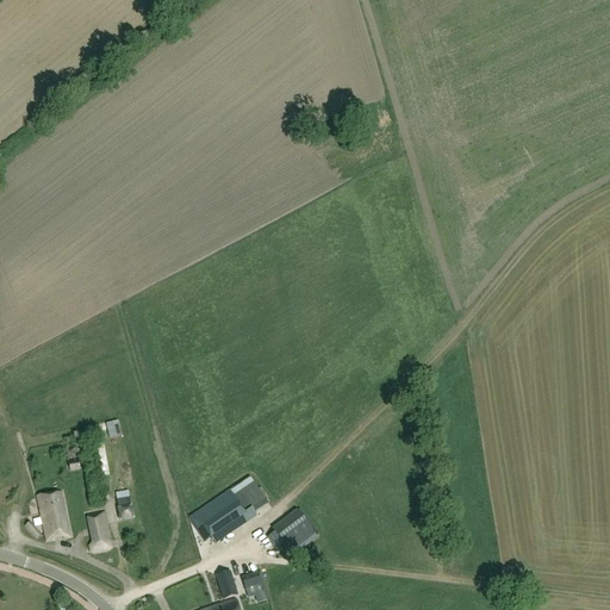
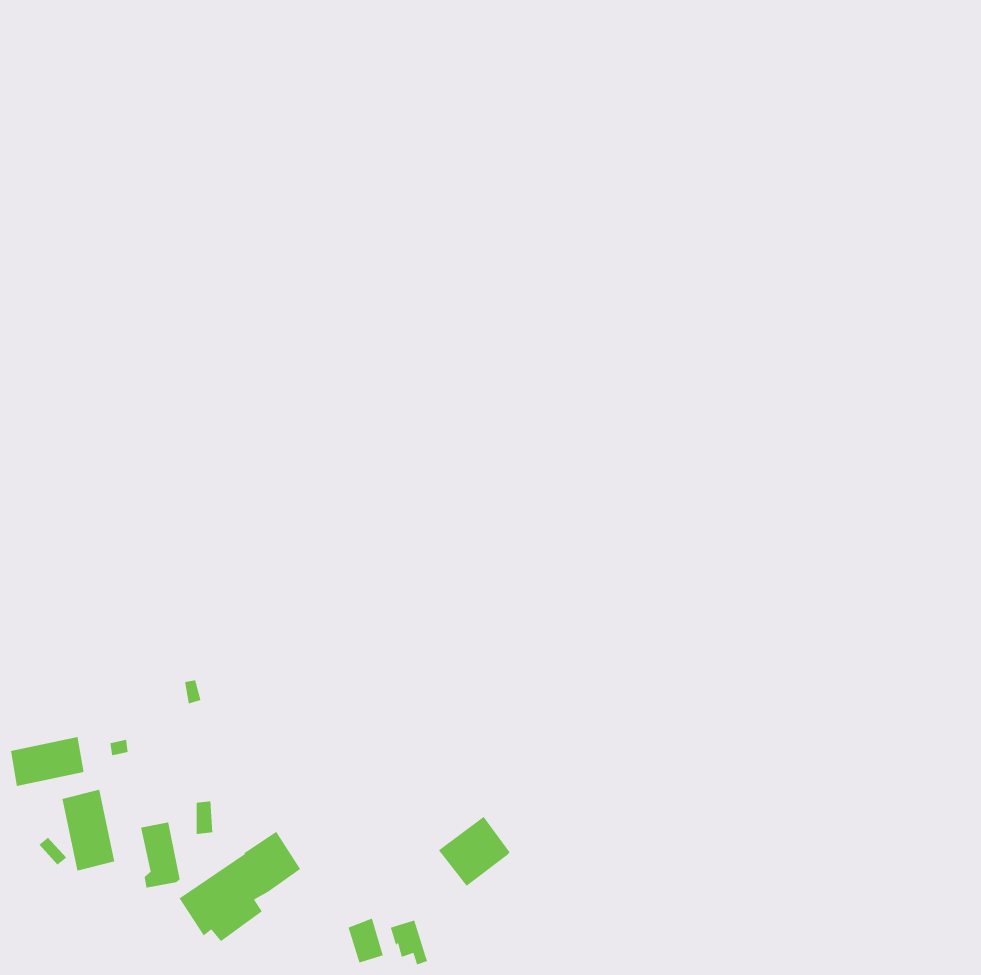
building: none -> [10,736,84,787]
building: [189,474,266,543] -> [178,831,301,942]

